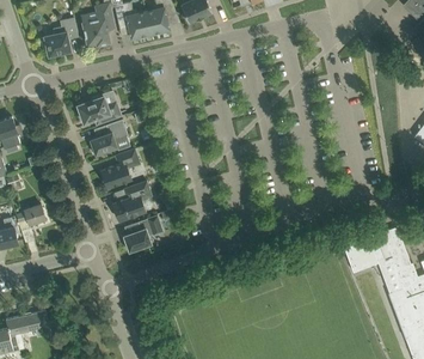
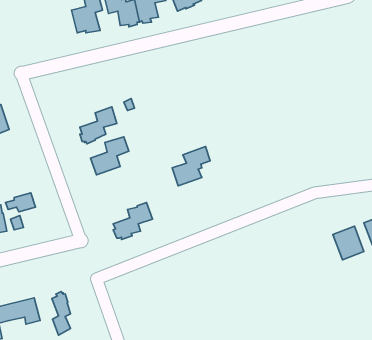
building: [41,17,78,55] -> none
building: [78,96,121,124] -> none
building: [112,181,150,220] -> [172,146,210,186]
building: none -> [52,292,71,335]

